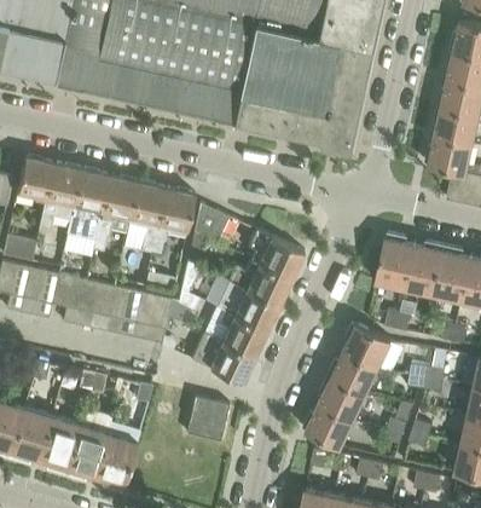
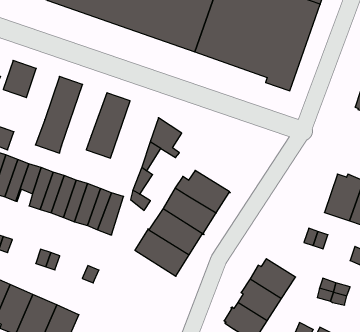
building: [39,161,81,230] -> none
building: [93,173,138,250] -> none
building: [151,185,196,258] -> none
building: [249,229,305,277] -> none
building: [377,232,415,288] -> none
building: [344,323,393,366] -> none
building: [187,396,230,440] -> none

